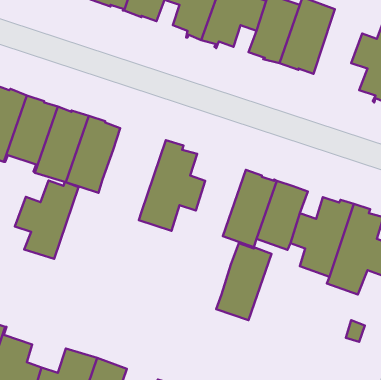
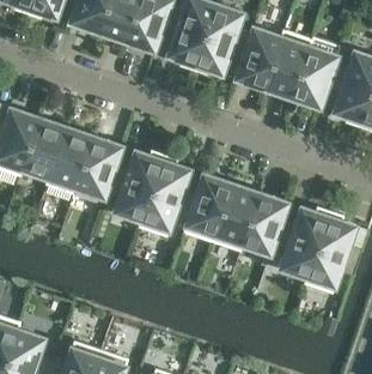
building: none -> [292,48,337,108]
building: [15,180,78,259] -> [106,151,163,221]
building: [216,243,271,320] -> [184,174,233,242]

